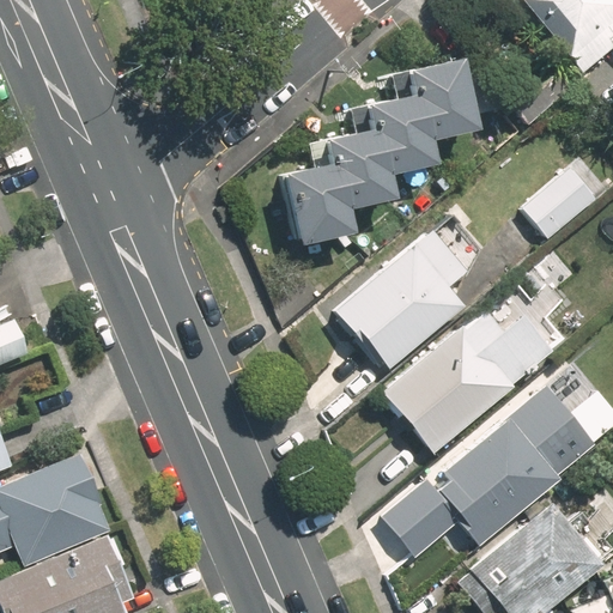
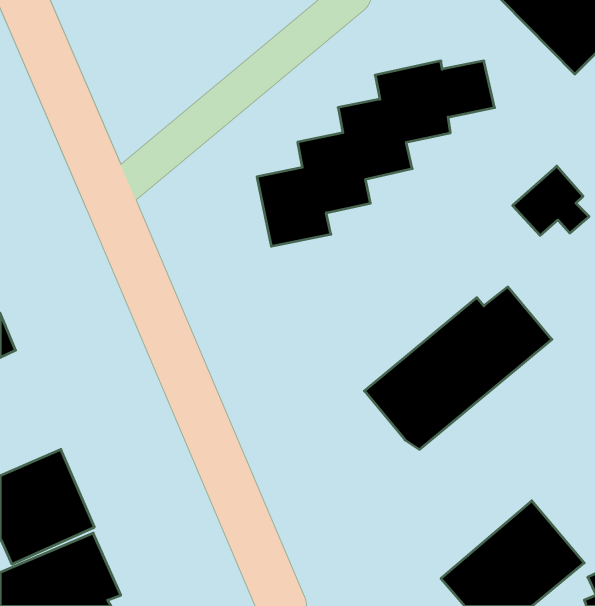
building: [335,208,478,372] -> none
building: [387,396,575,562] -> none

